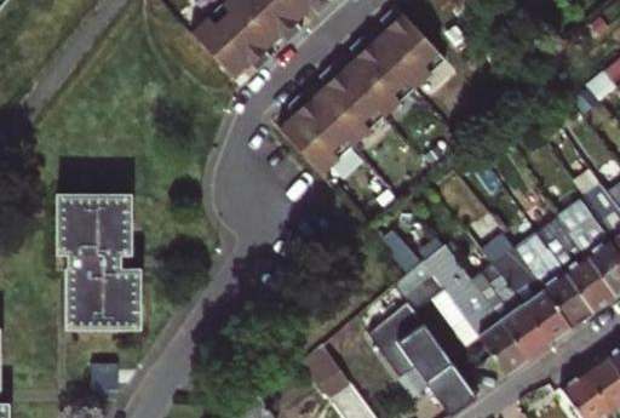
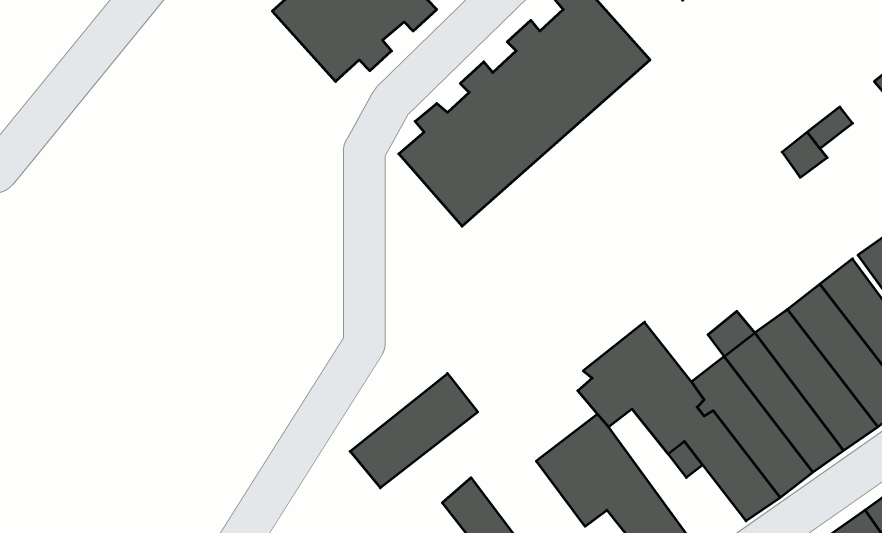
building: [57,193,139,332] -> none
building: none -> [350,373,478,488]

